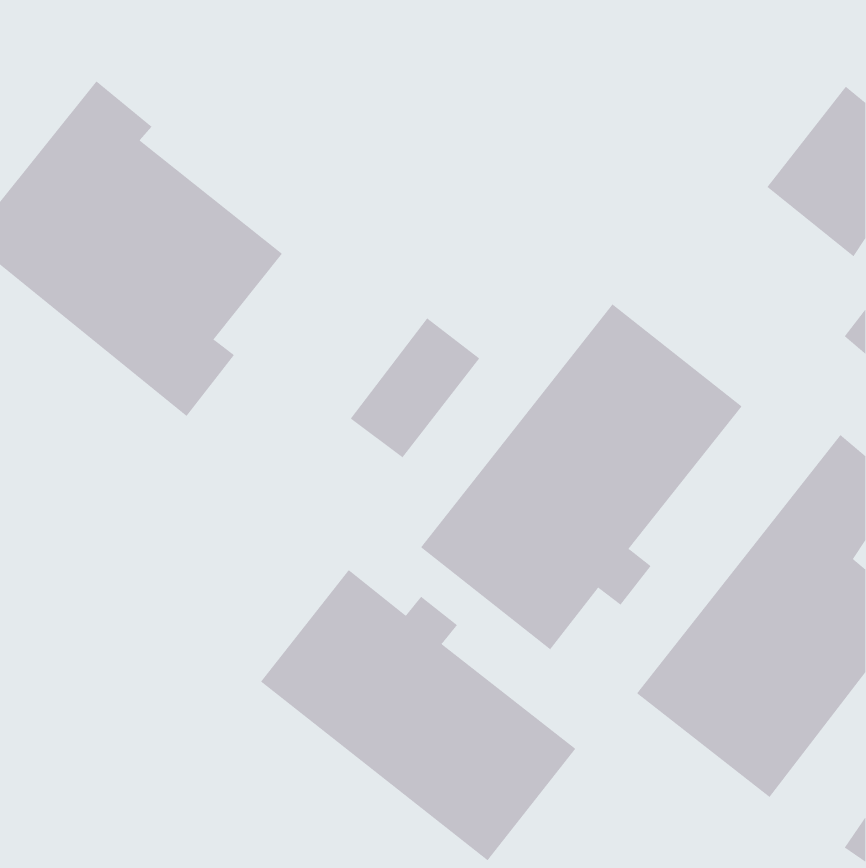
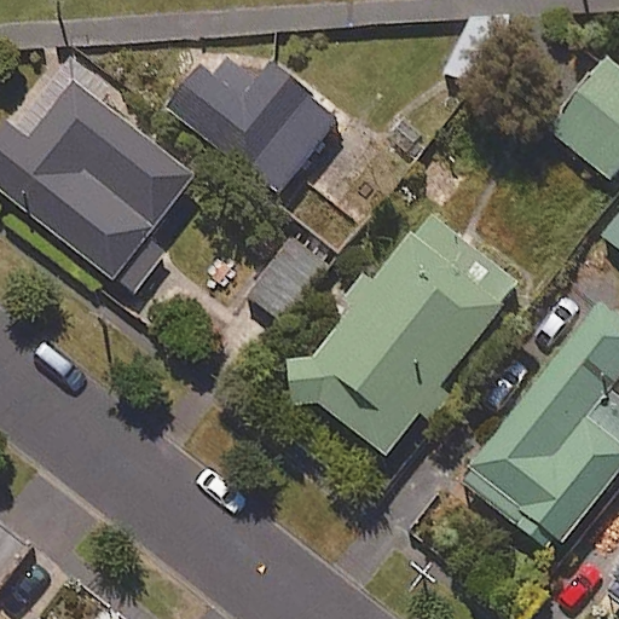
building: none -> [173,59,342,193]
building: [260,569,576,861] -> none

